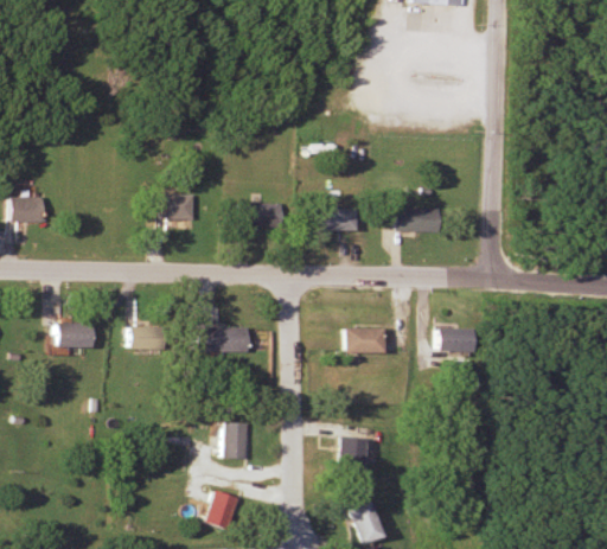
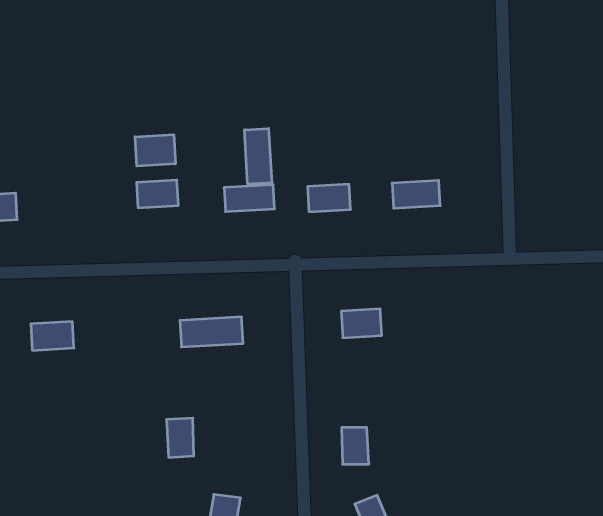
building: none -> [245,128,272,184]
building: none -> [135,135,175,166]
building: [127,326,166,349] -> none
building: [440,328,478,351] -> none
building: [225,422,250,458] -> [166,418,194,457]

